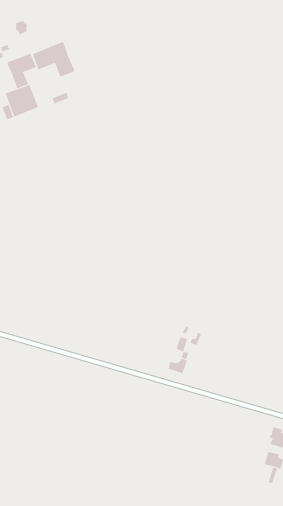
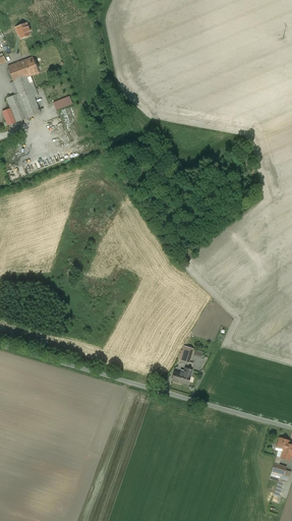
building: [32,41,76,77] -> none

